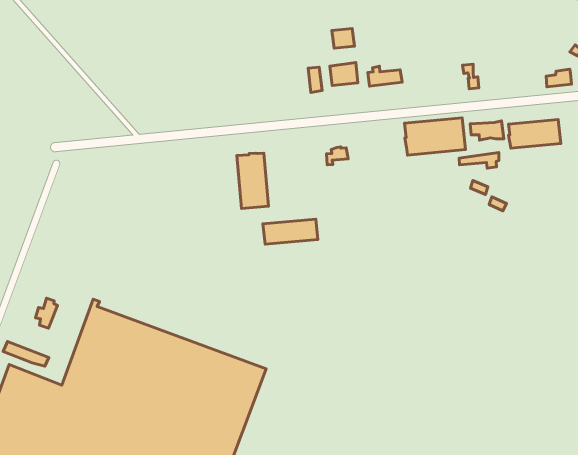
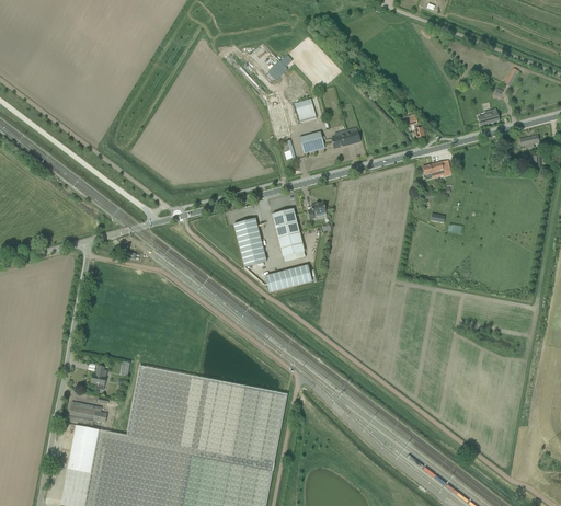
building: [404,118,465,155] -> none
building: [508,119,561,148] -> none
building: none -> [272,208,305,257]

